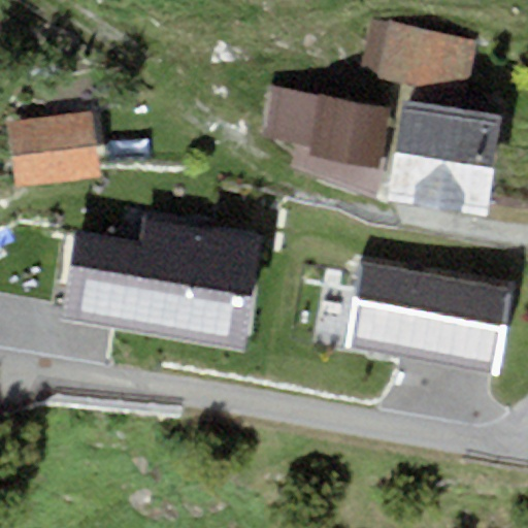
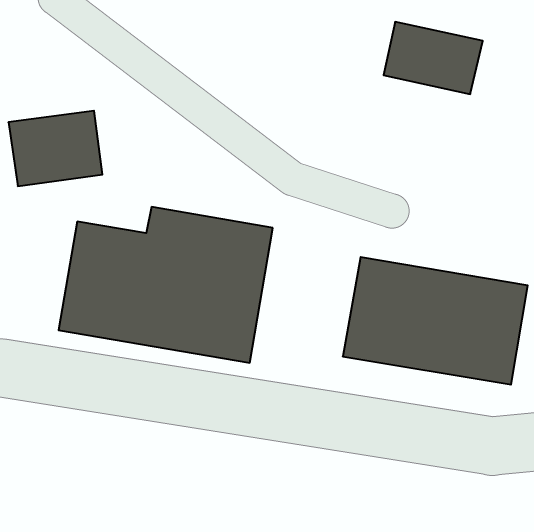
building: [259,84,386,196] -> none
building: [388,98,502,212] -> none

